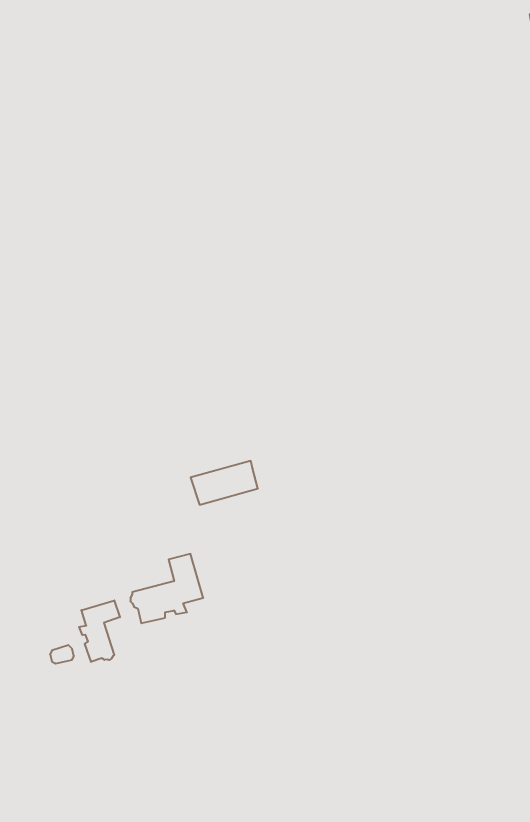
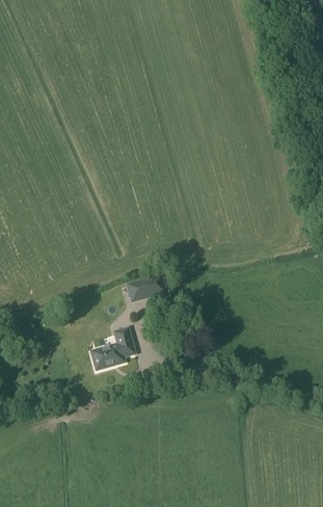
building: [79,600,120,662] -> none

